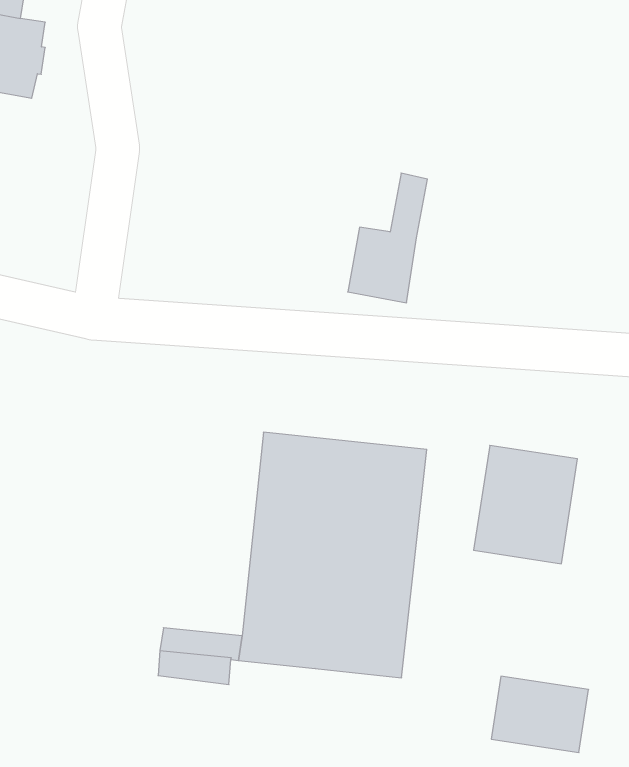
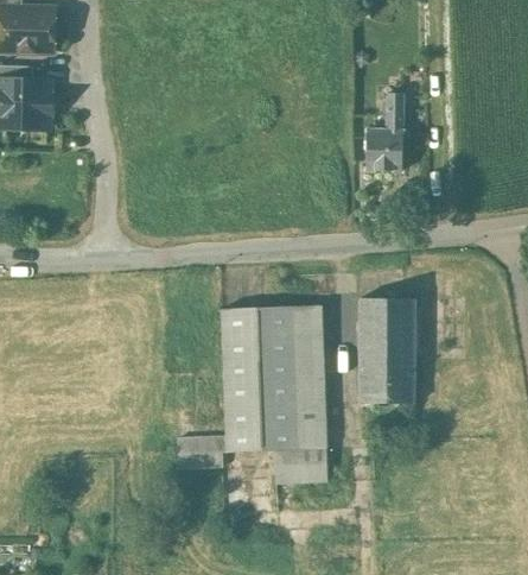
building: [348,173,427,303] -> [365,93,403,171]
building: none -> [273,447,327,482]
building: [491,676,589,753] -> [358,362,413,402]

